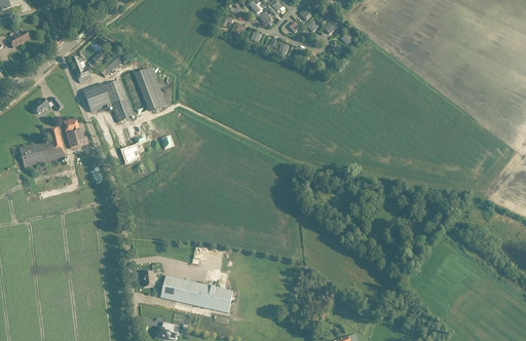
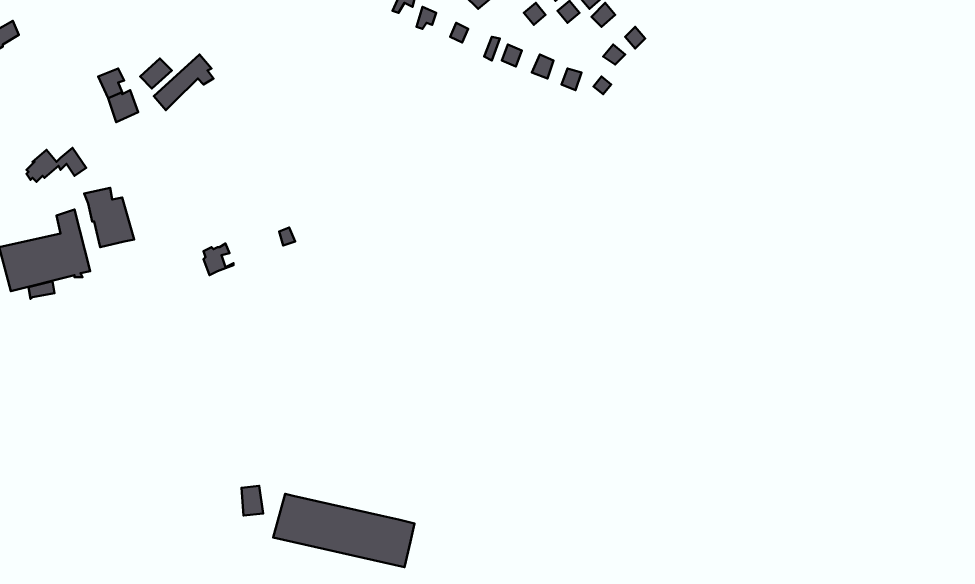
building: [134,67,165,112] -> none
building: [82,78,133,121] -> none

